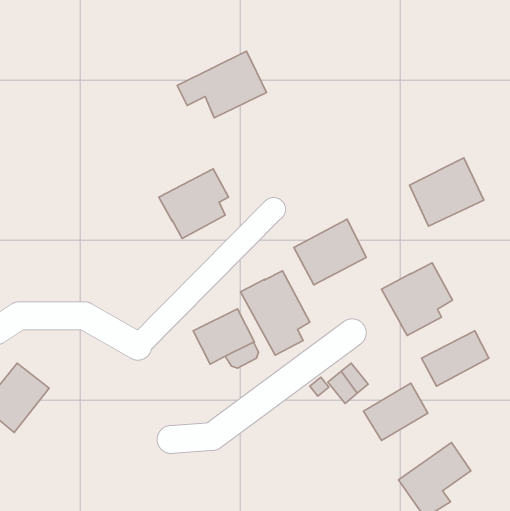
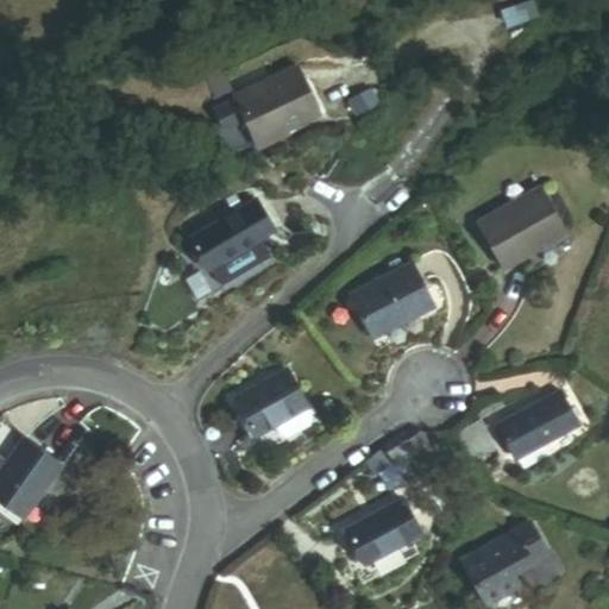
building: [381,263,452,335] -> none
building: [241,271,310,355] -> none
building: [363,383,428,440] -> [345,500,421,567]

